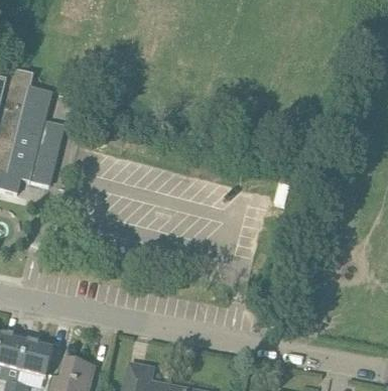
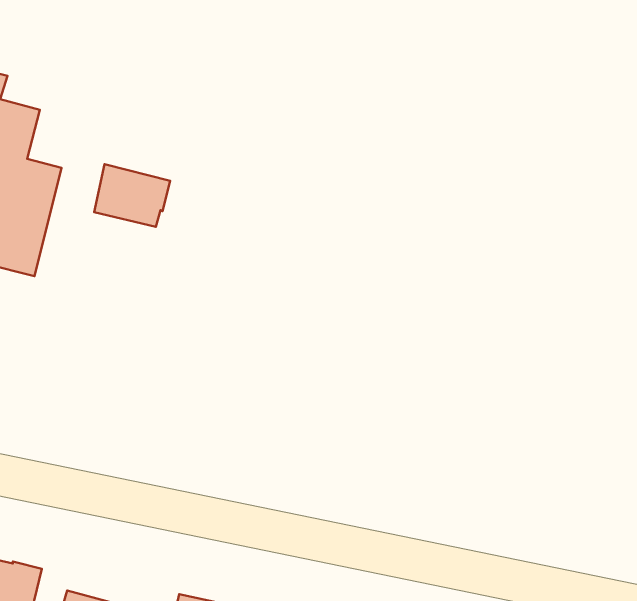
building: none -> [94,164,170,227]

